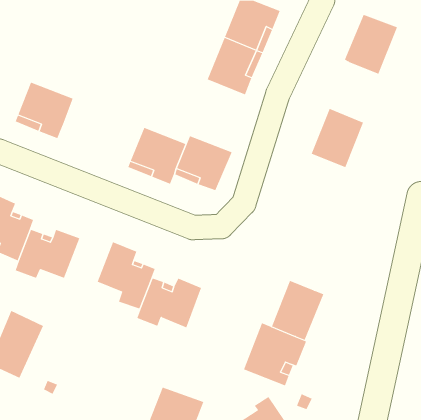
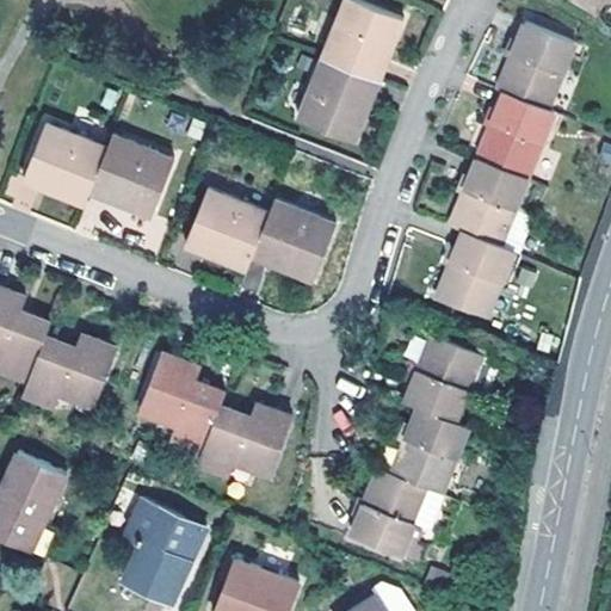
building: none -> [475,93,553,180]
building: none -> [88,134,173,216]
building: none -> [436,232,512,319]
building: none -> [405,335,481,422]
building: none -> [123,500,204,601]

